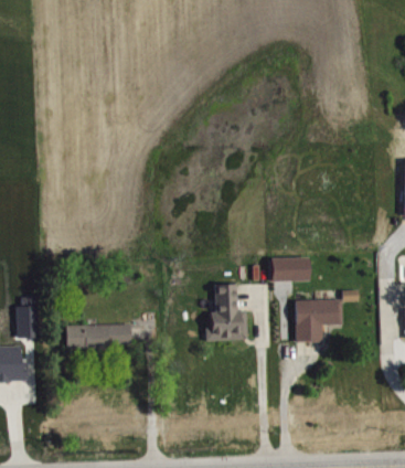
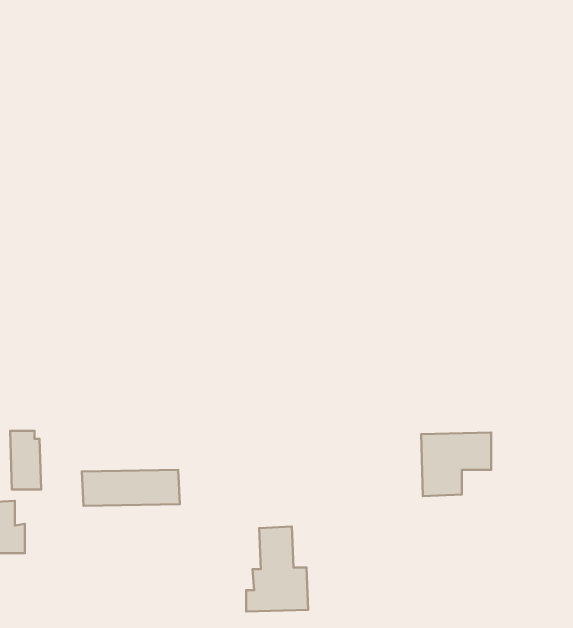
building: [270,257,309,281] -> none
building: [205,284,247,341] -> [246,527,308,612]

